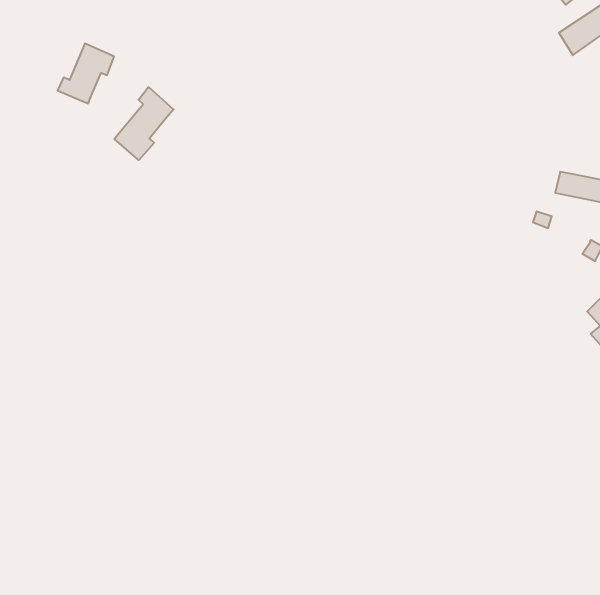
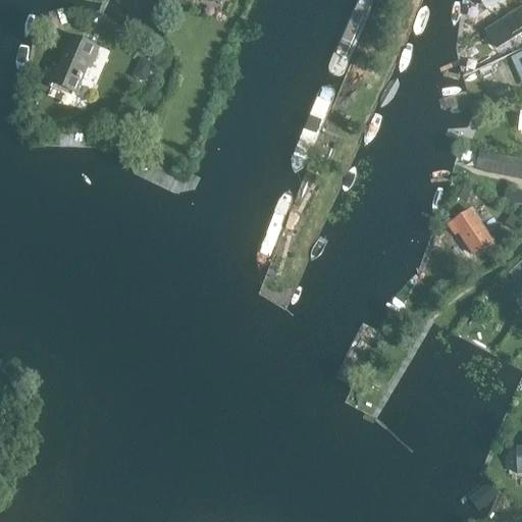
building: [114,87,174,160] -> none
building: none -> [452,208,493,252]

